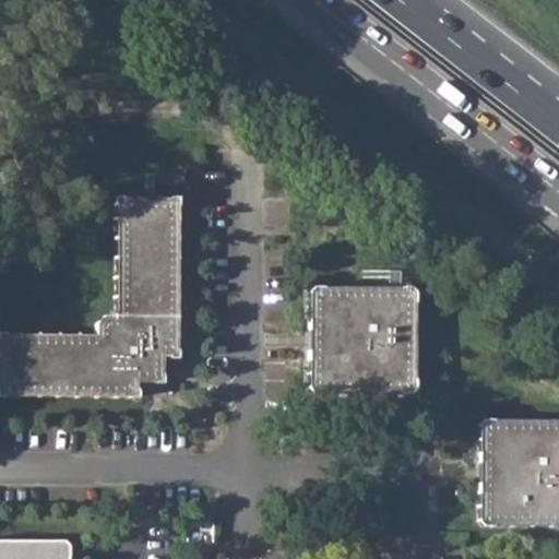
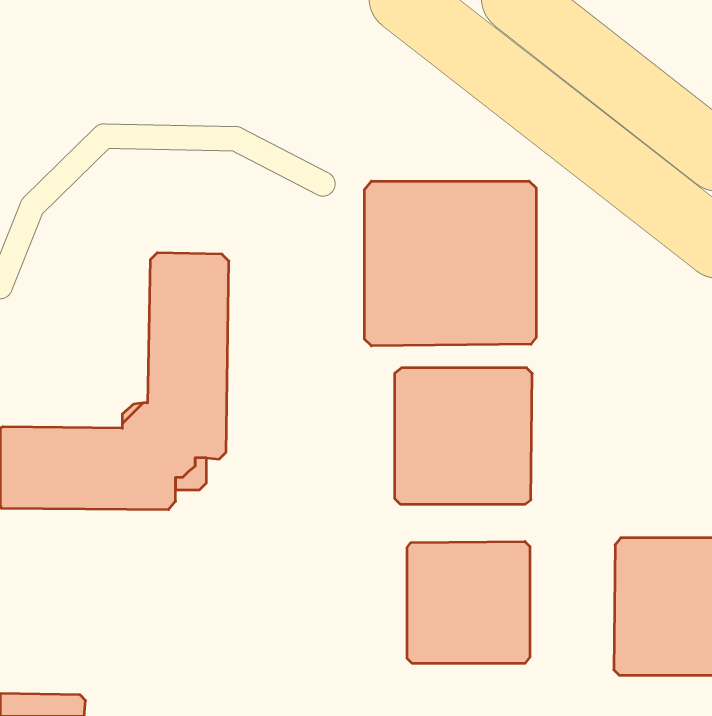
building: none -> [364,181,536,346]
building: none -> [407,541,530,663]

